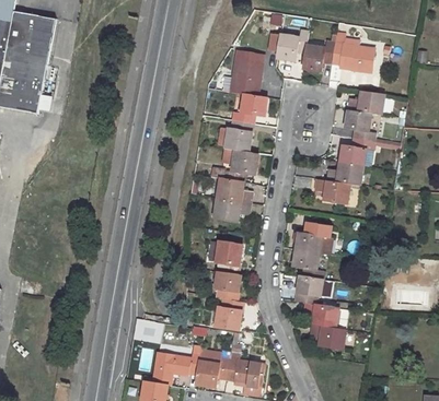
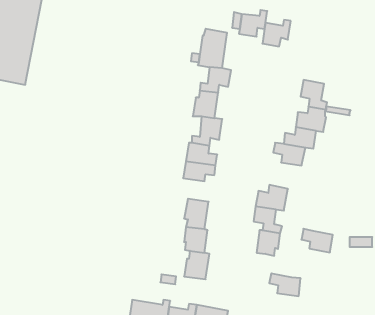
building: [331,35,374,72] -> none
building: [348,91,384,114] -> none
building: [303,302,338,328] -> [301,229,333,252]

